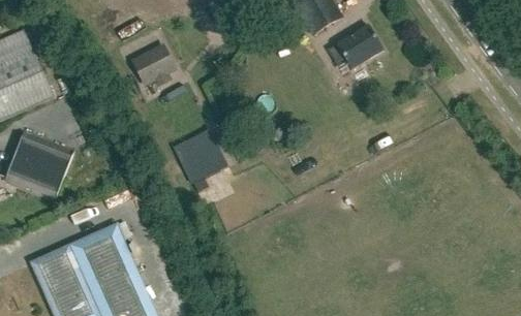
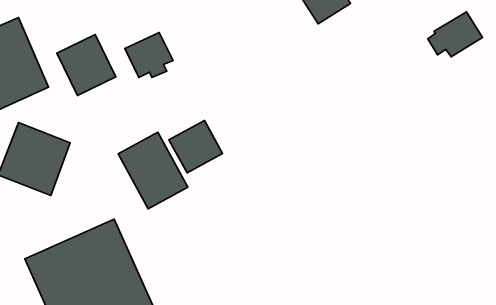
building: [329,27,381,70] -> [428,12,482,57]
building: none -> [57,35,116,95]
building: none -> [118,132,188,209]

